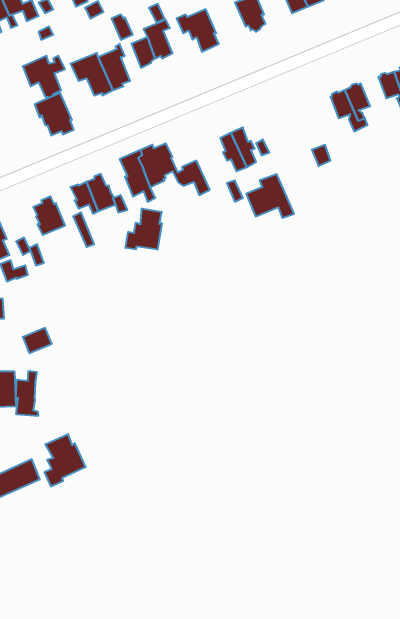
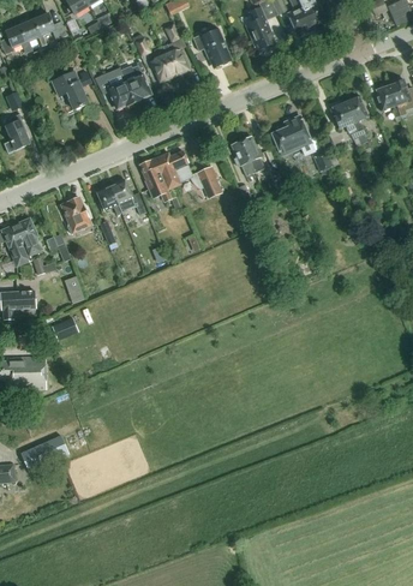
building: [35,93,73,136] -> none
building: [246,174,294,218] -> [273,115,316,155]
building: [125,208,162,250] -> none
building: [16,371,38,416] -> none
building: [45,434,86,487] -> none

